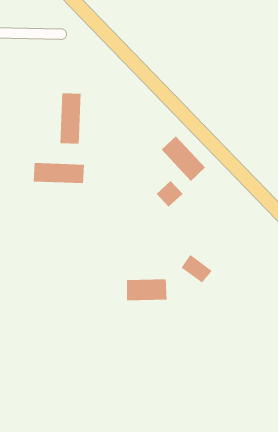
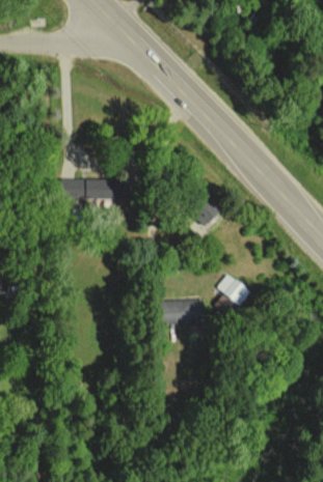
building: [60,93,81,144] -> none
building: [161,135,206,182] -> none

